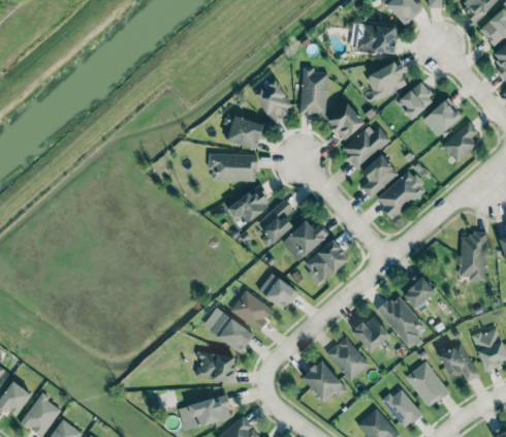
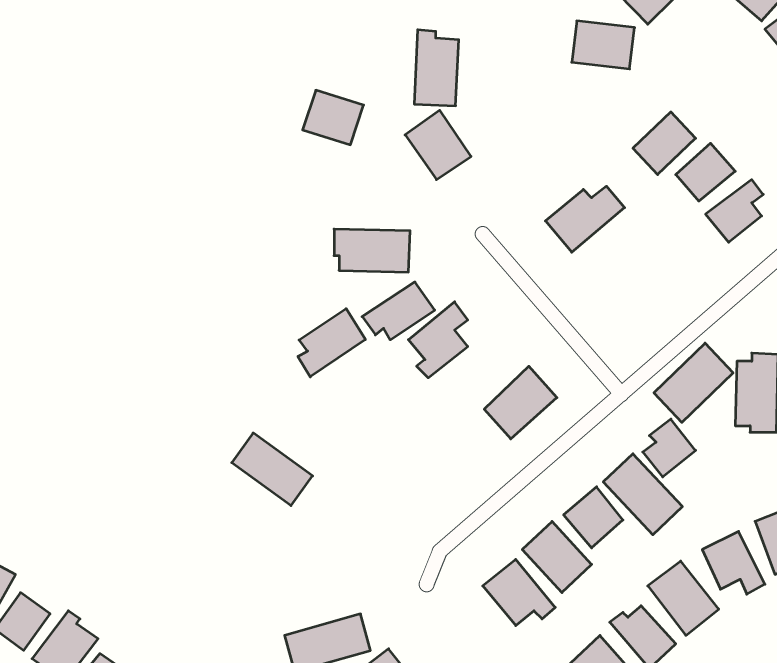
building: [366,60,407,100] -> none
building: [301,67,328,115] -> [414,30,459,106]
building: [327,103,366,141] -> none
building: [226,116,264,150] -> [303,90,364,145]
building: [362,155,399,198] -> none
building: [377,169,426,219] -> [654,343,733,422]
building: none -> [298,309,365,377]
building: [282,221,329,262] -> none
building: [258,274,298,310] -> none
building: [231,290,275,332] -> none
building: [203,308,254,353] -> [232,433,313,506]
building: [197,352,236,382] -> none

